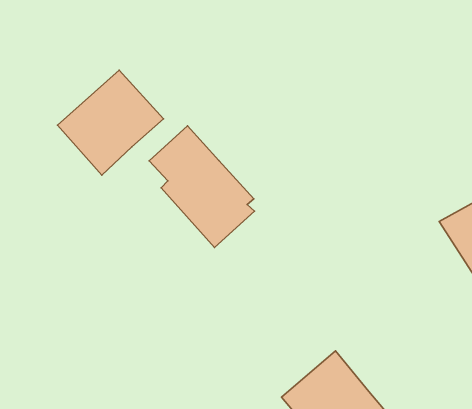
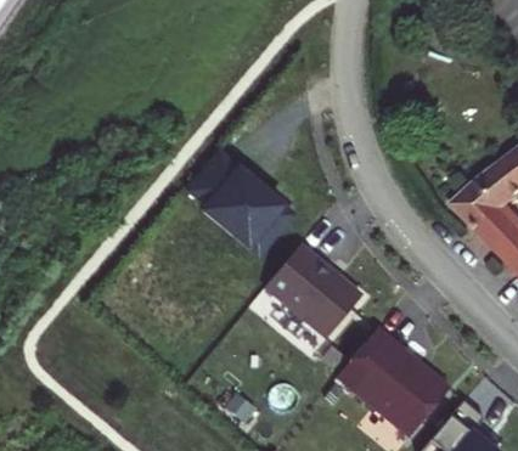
building: [57,70,163,175] -> none
building: none -> [266,246,364,340]

